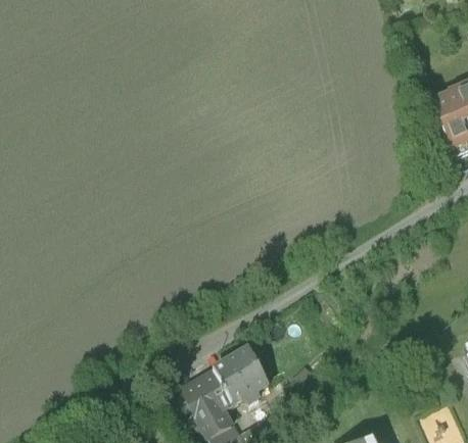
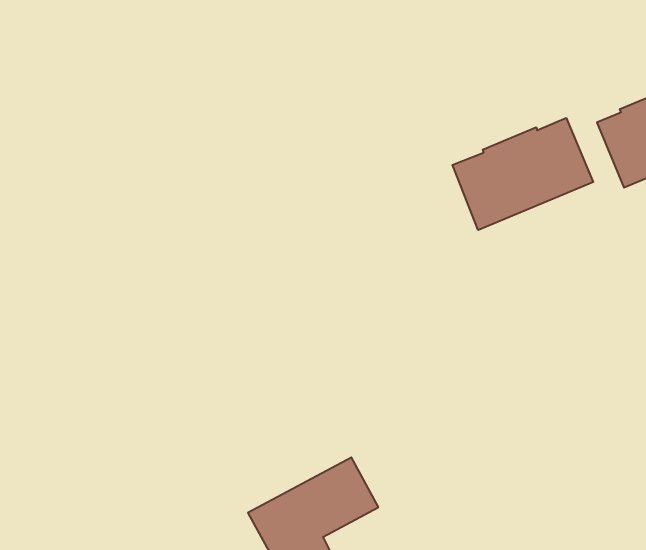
building: none -> [452,118,593,230]

